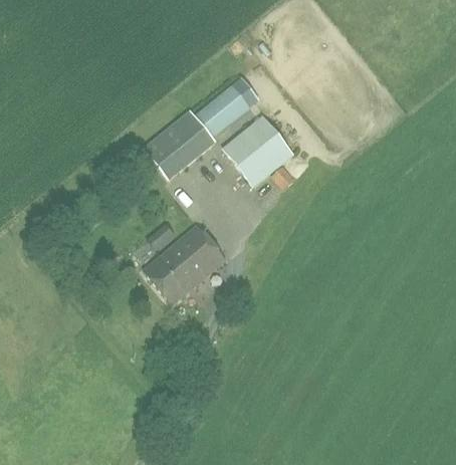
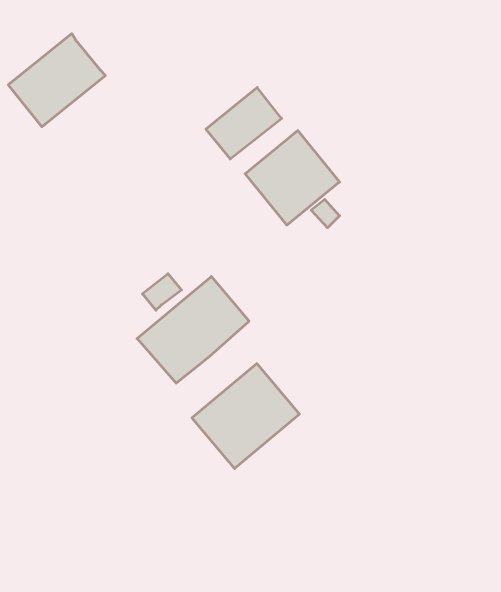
building: [144,109,216,179] -> [8,34,105,127]
building: none -> [192,364,299,469]

